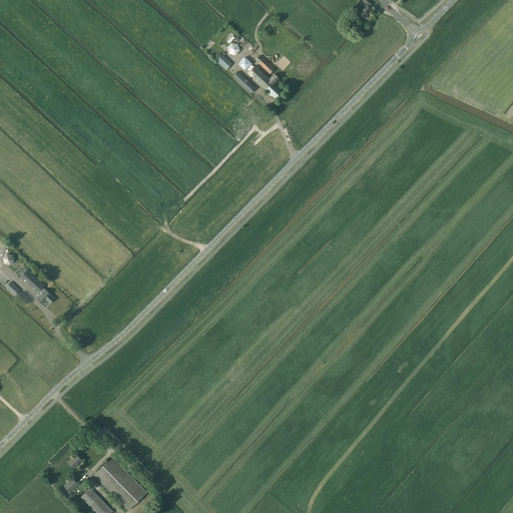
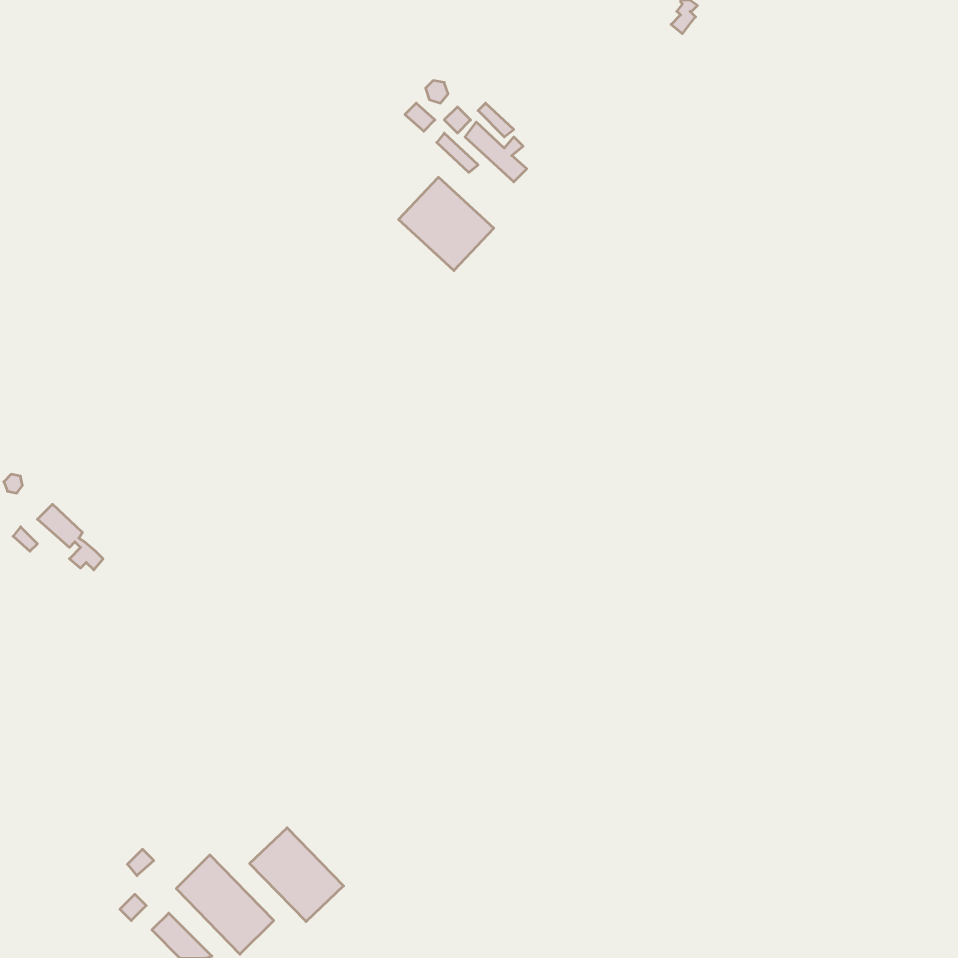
building: none -> [399,177,494,271]
building: none -> [250,828,344,922]

